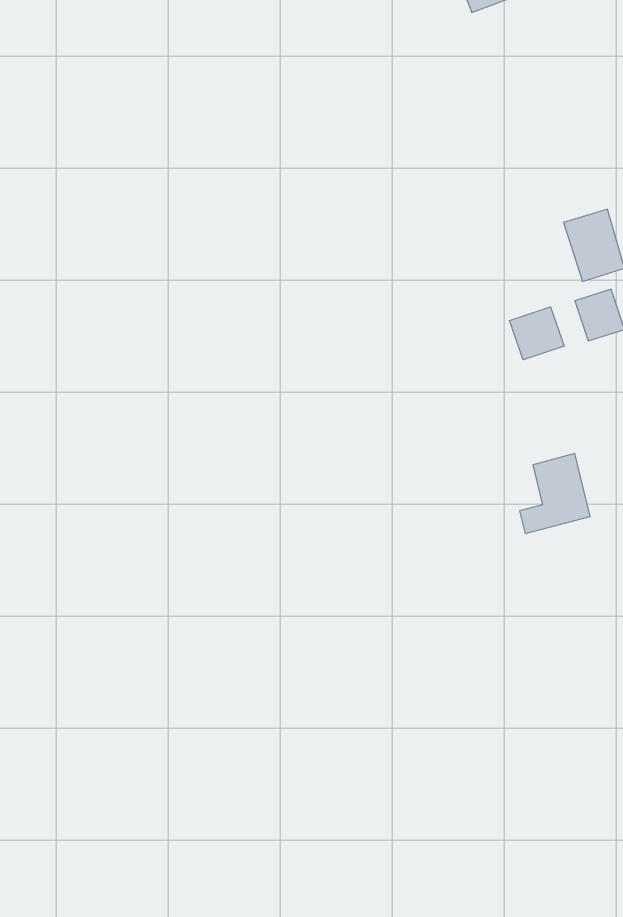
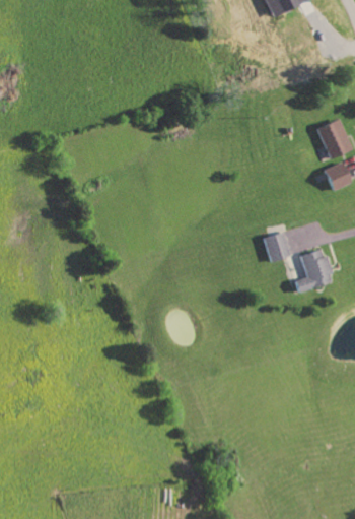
building: [510,307,564,360] -> none
building: none -> [264,232,290,261]

